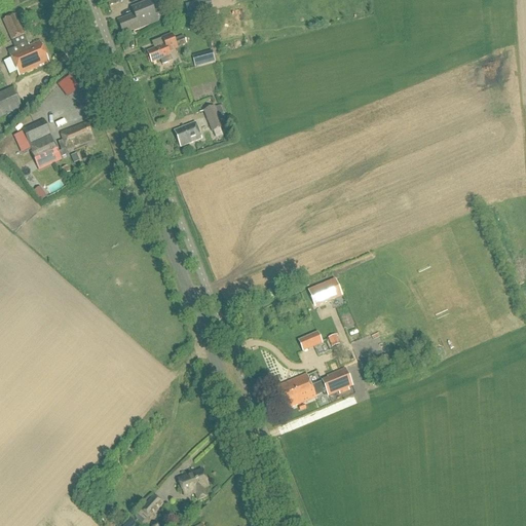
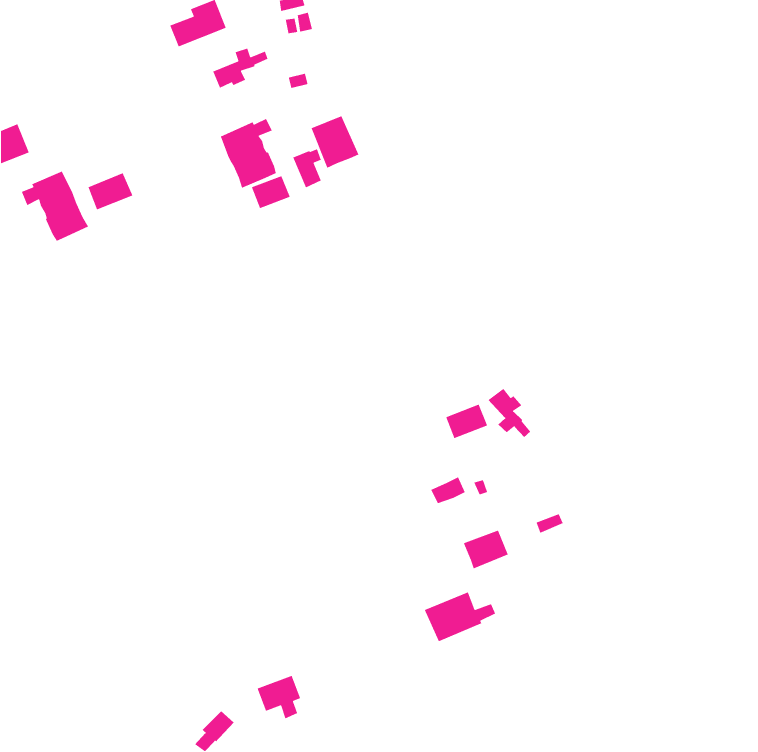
building: [4,12,49,72] -> none
building: none -> [311,115,360,169]
building: none -> [220,118,277,189]
building: none -> [488,388,531,438]
building: [275,372,326,408] -> [423,590,496,642]

